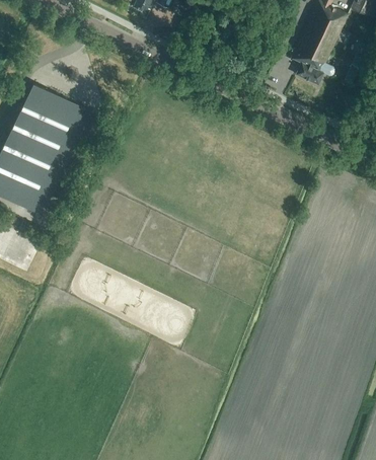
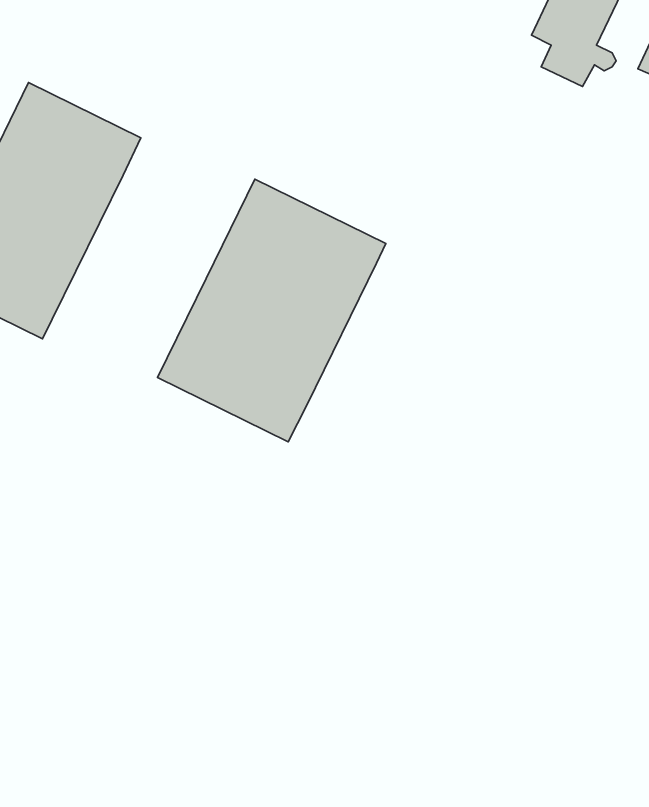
building: none -> [157,179,386,442]

